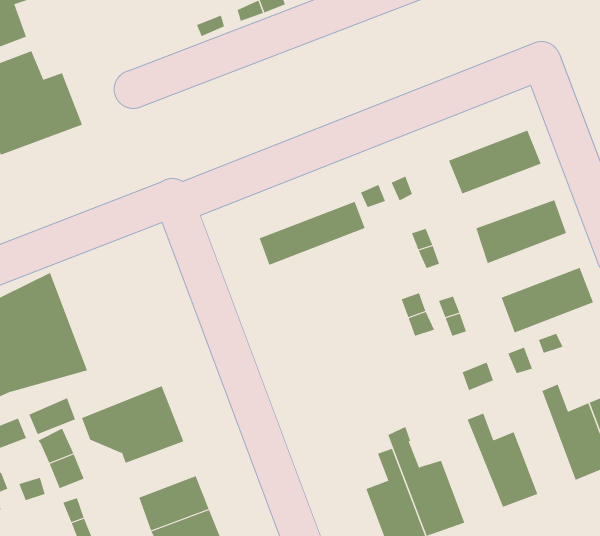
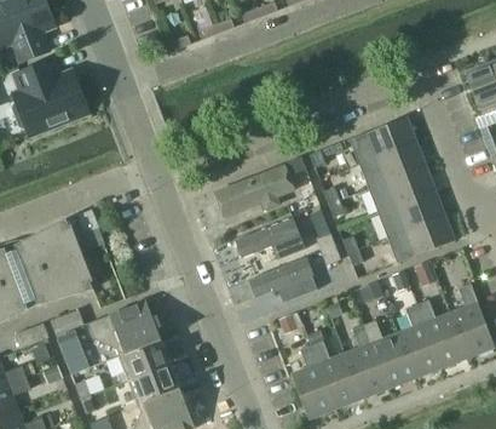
building: none -> [359,141,426,187]
building: none -> [377,190,444,236]
building: none -> [236,219,298,253]
building: none -> [250,258,315,298]
building: none -> [397,303,440,377]
building: none -> [345,324,388,397]
building: none -> [117,339,169,379]

